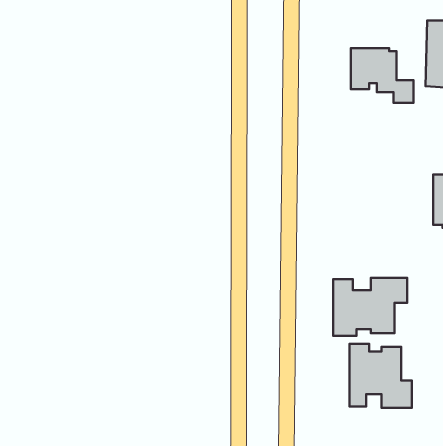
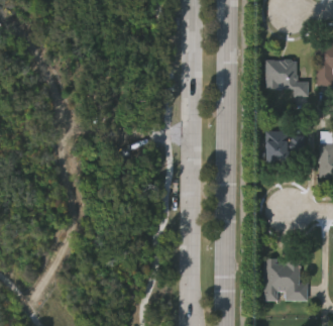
building: none -> [265,130,305,160]
building: [333,278,407,336] -> none

